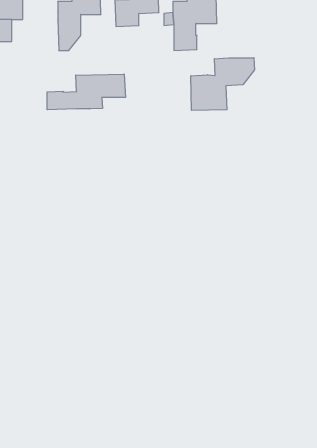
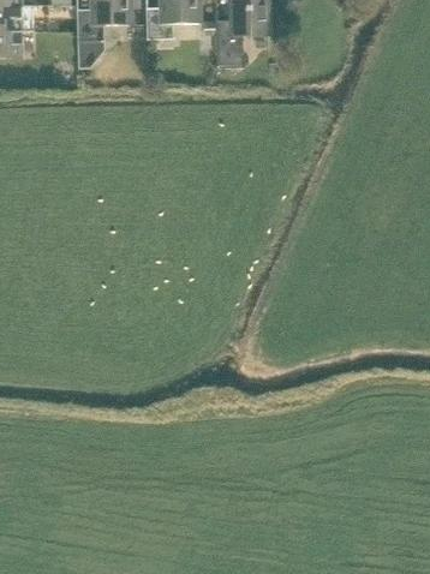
building: [191,58,254,110] -> none
building: [47,74,125,110] -> none

